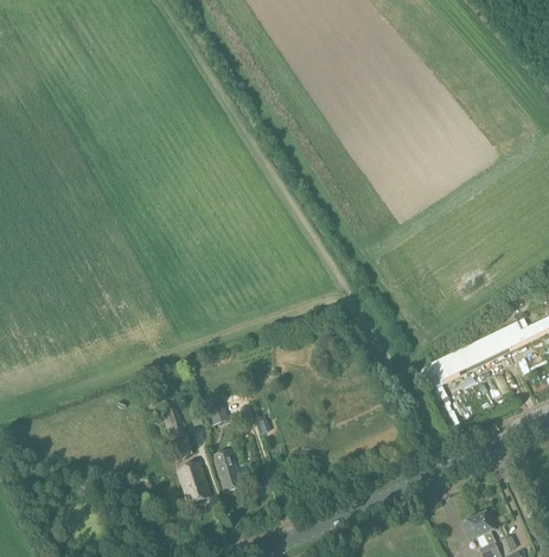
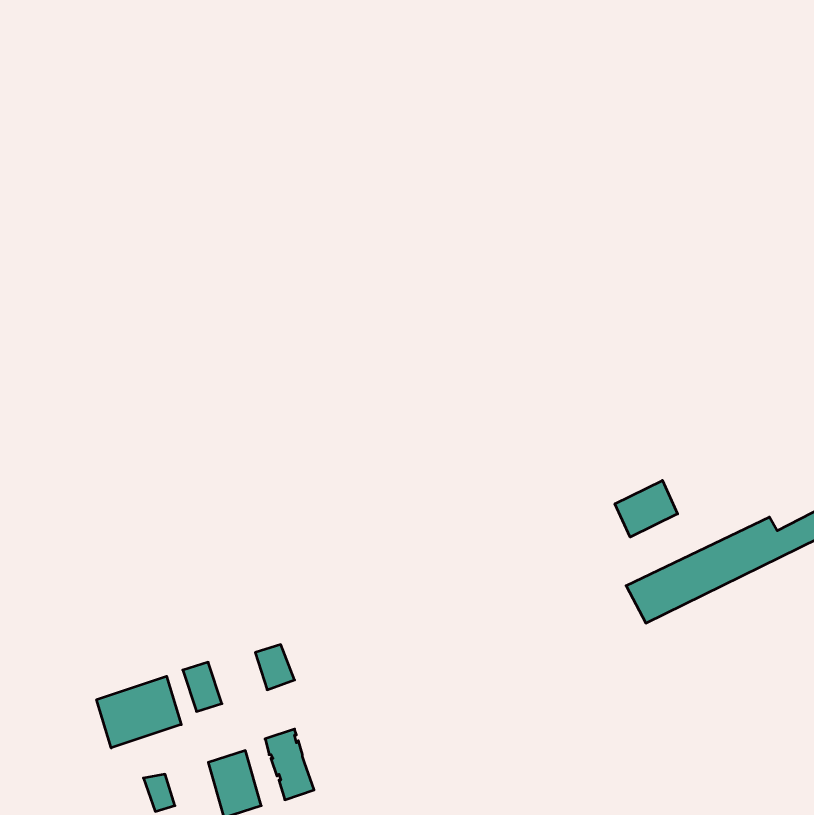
building: none -> [615,480,678,537]
building: none -> [97,676,181,748]

